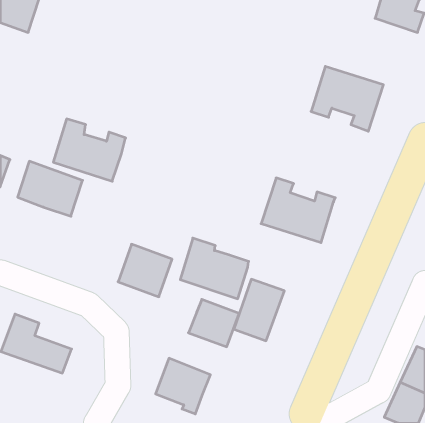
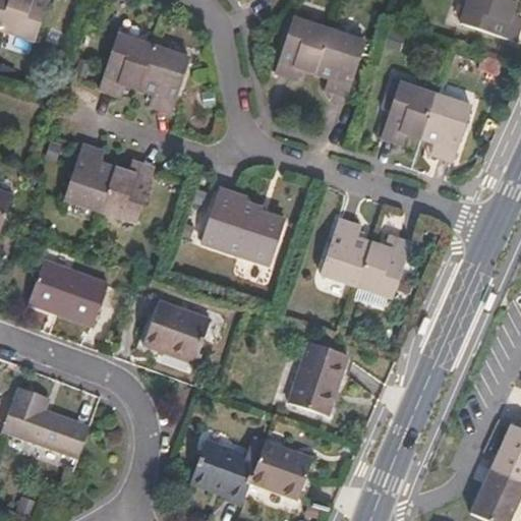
building: none -> [276,13,365,95]
building: none -> [99,35,189,112]
building: [18,161,83,216] -> [30,258,109,326]
building: [180,238,249,299] -> [200,188,284,263]
building: [188,299,239,347] -> [247,444,309,502]

